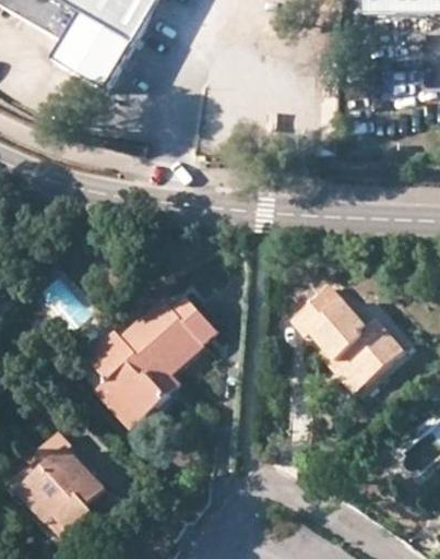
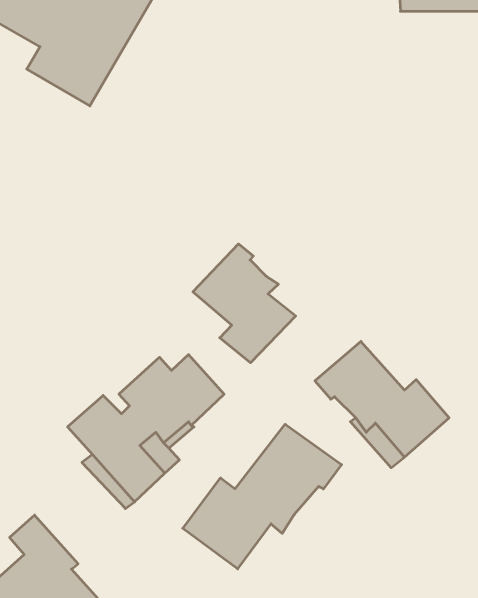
building: none -> [193,244,296,363]
building: none -> [183,424,342,569]

